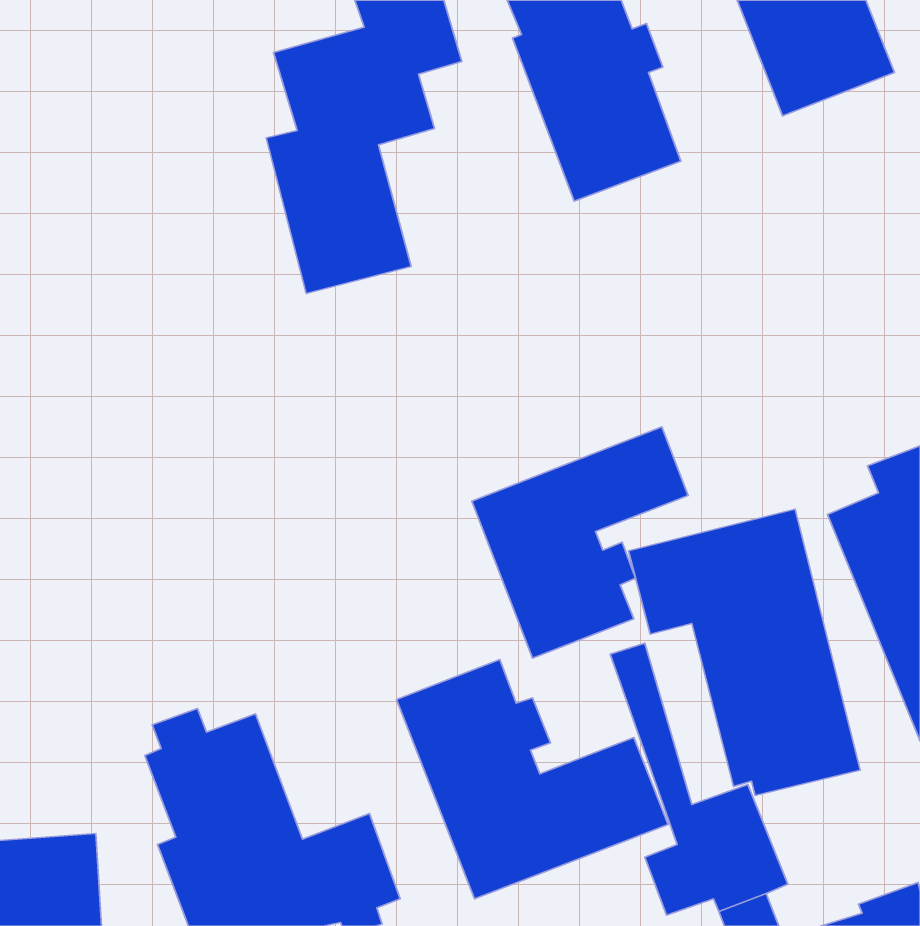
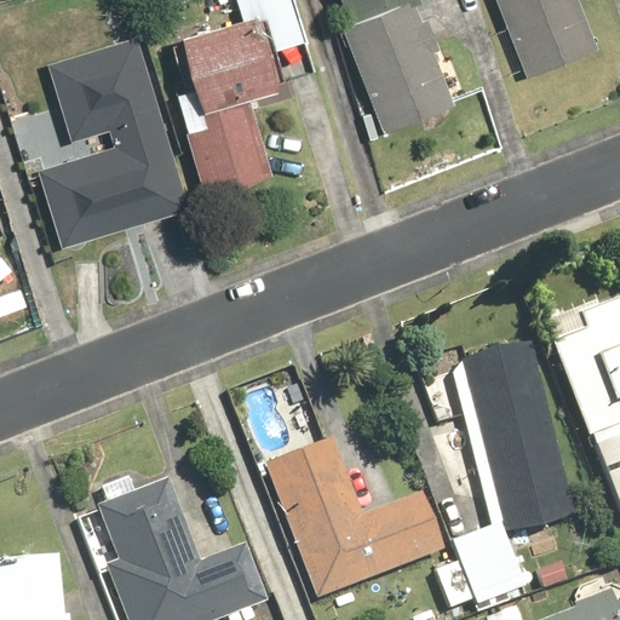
building: none -> [34,36,191,247]
building: [472,427,688,658] -> none

